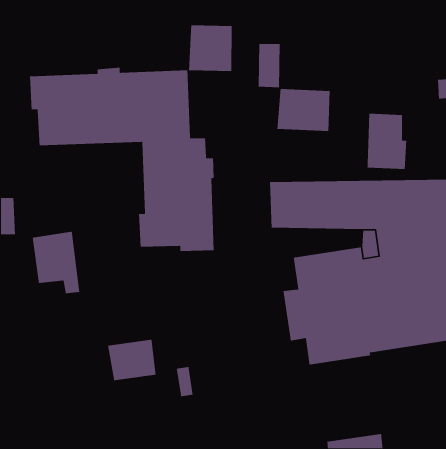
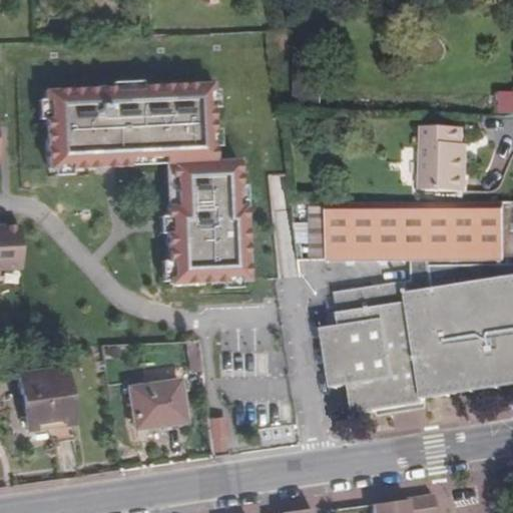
building: [188,24,233,72] -> none
building: [276,88,330,132] -> none
building: [32,231,80,294] -> [19,379,74,451]

